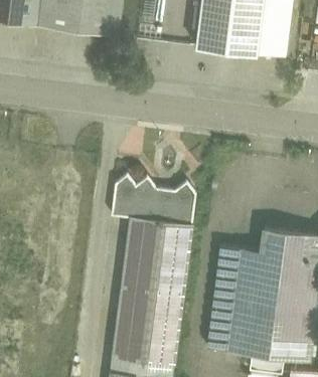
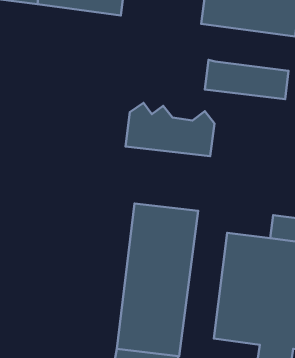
building: none -> [205,60,289,99]
building: [110,176,195,227] -> [126,103,214,156]

